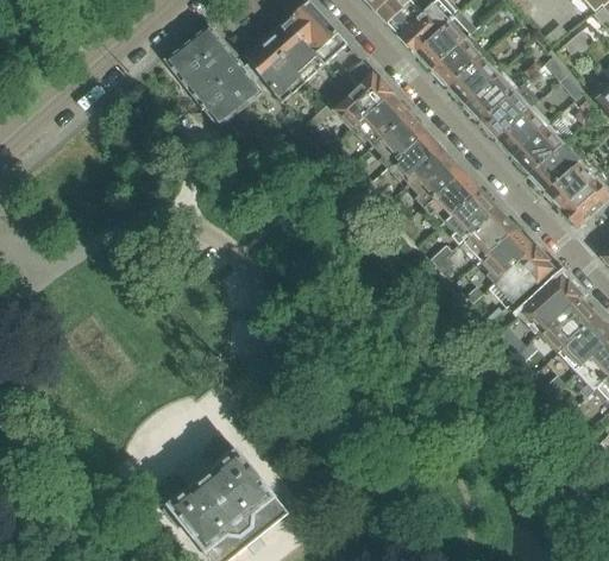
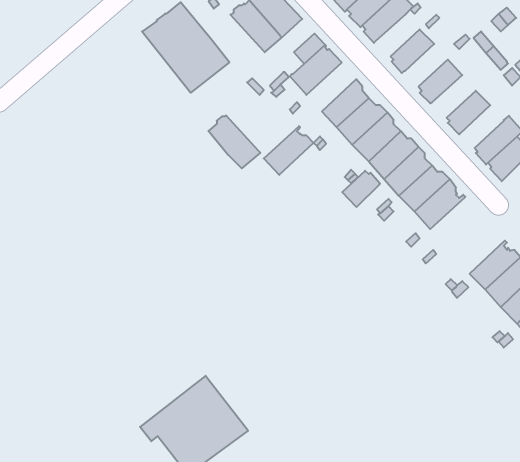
building: [433,34,483,86] -> none
building: [246,36,306,96] -> [208,115,260,168]
building: [466,69,515,120] -> none
building: [353,90,410,146] -> [264,126,314,175]
building: [497,105,547,155] -> none
building: [529,139,579,190] -> none
building: none -> [342,171,380,207]
building: [495,244,553,300] -> none
building: [522,273,580,332] -> none

